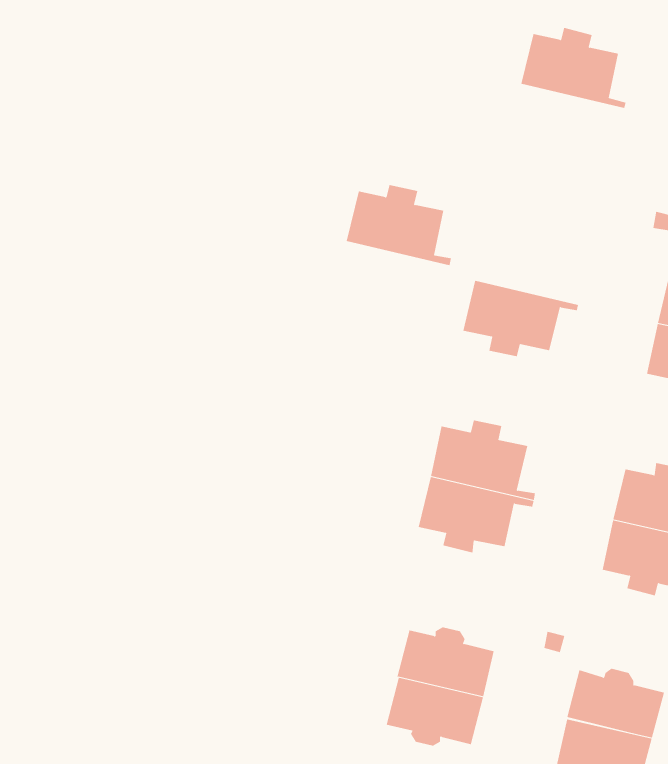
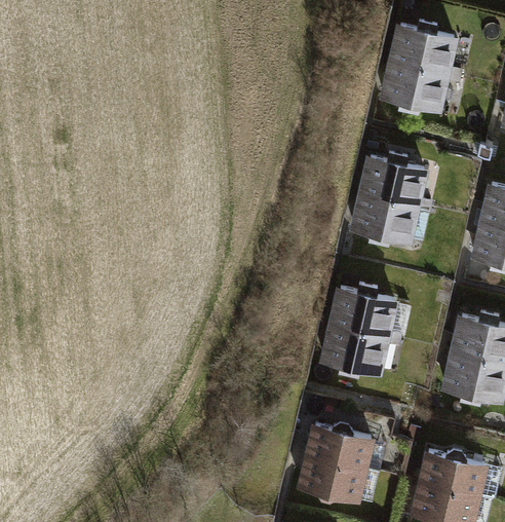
building: none -> [382,61,460,112]
building: [346,185,452,266] -> [359,154,430,209]

